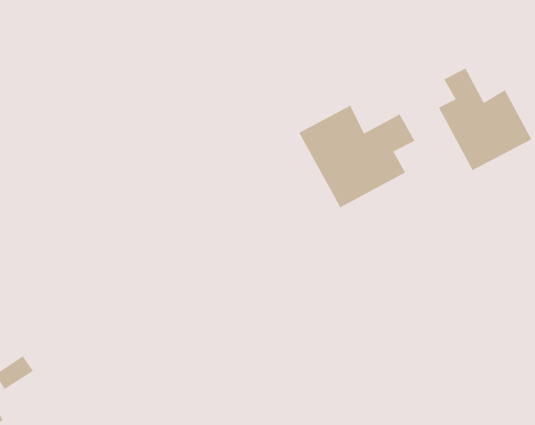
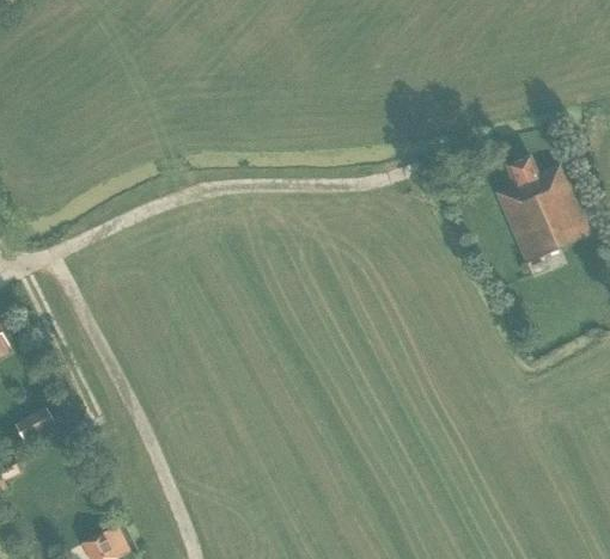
building: [299,105,415,208] -> none

